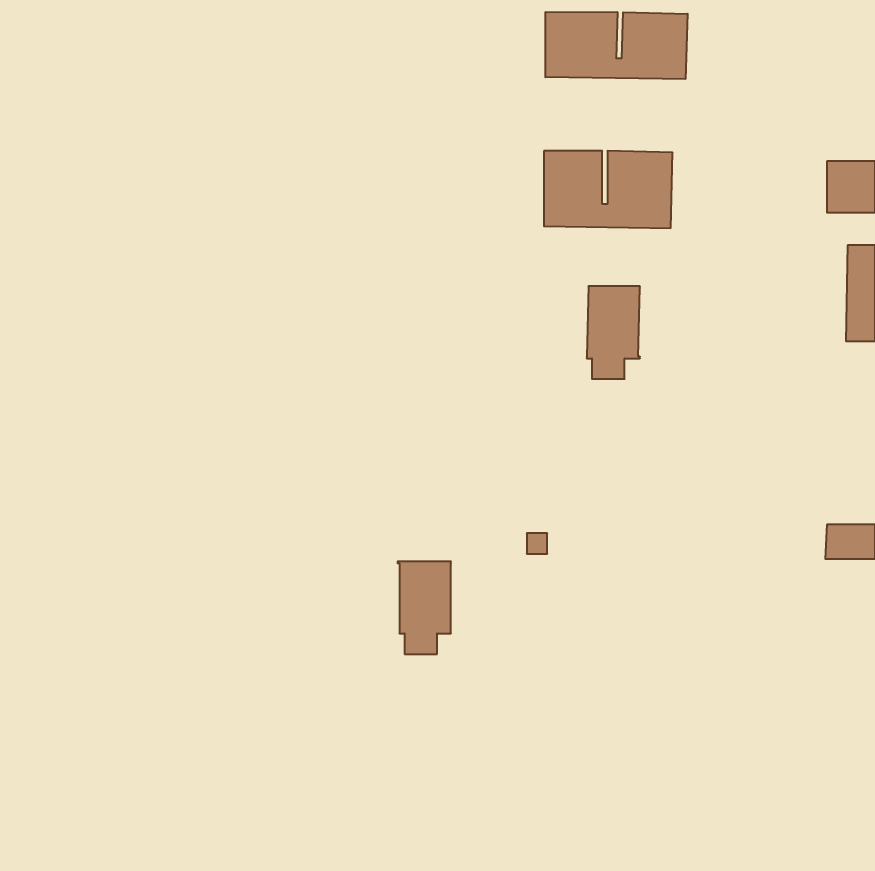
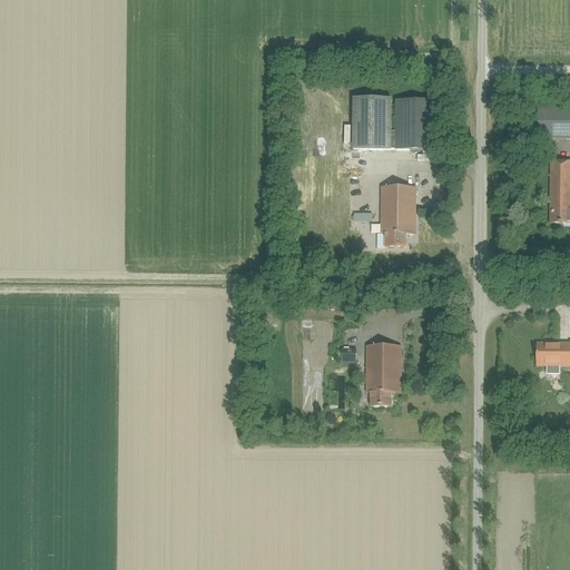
building: [545,12,688,79] -> none
building: [398,561,451,654] -> [365,344,400,404]

